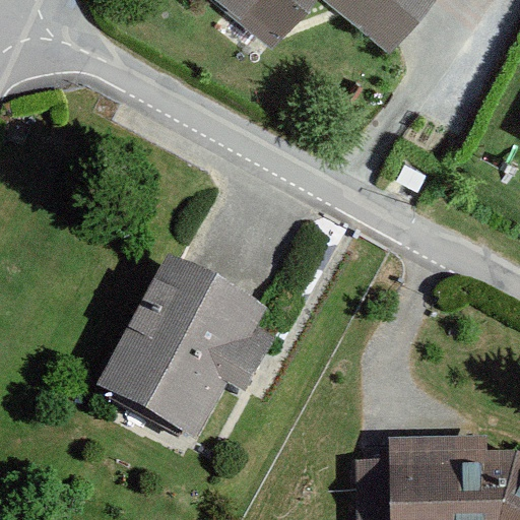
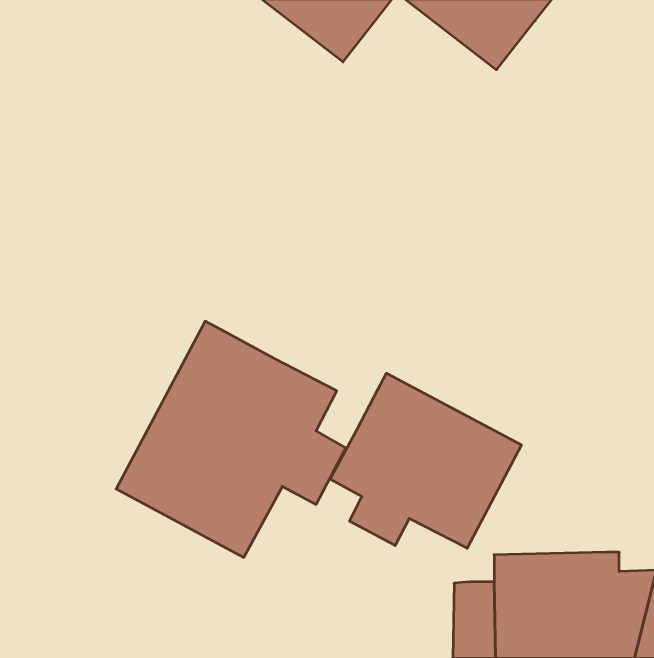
building: none -> [330,373,521,548]

